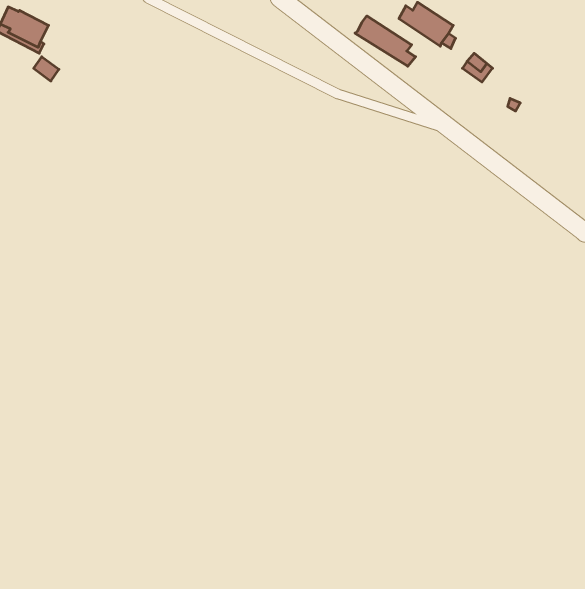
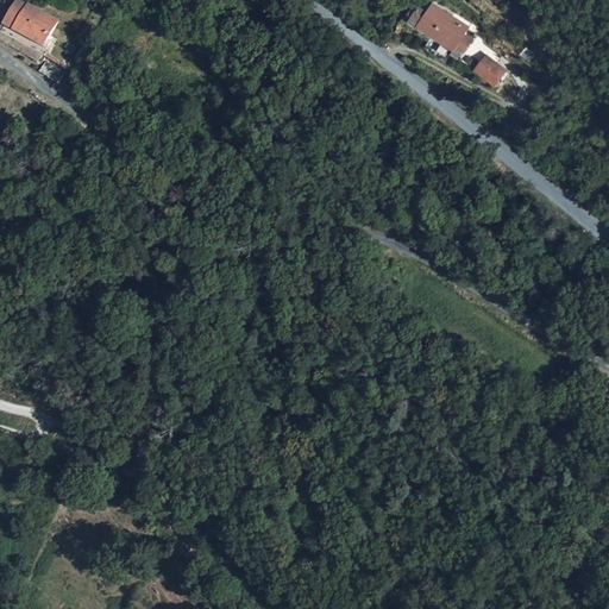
building: [355,16,416,66] -> none

